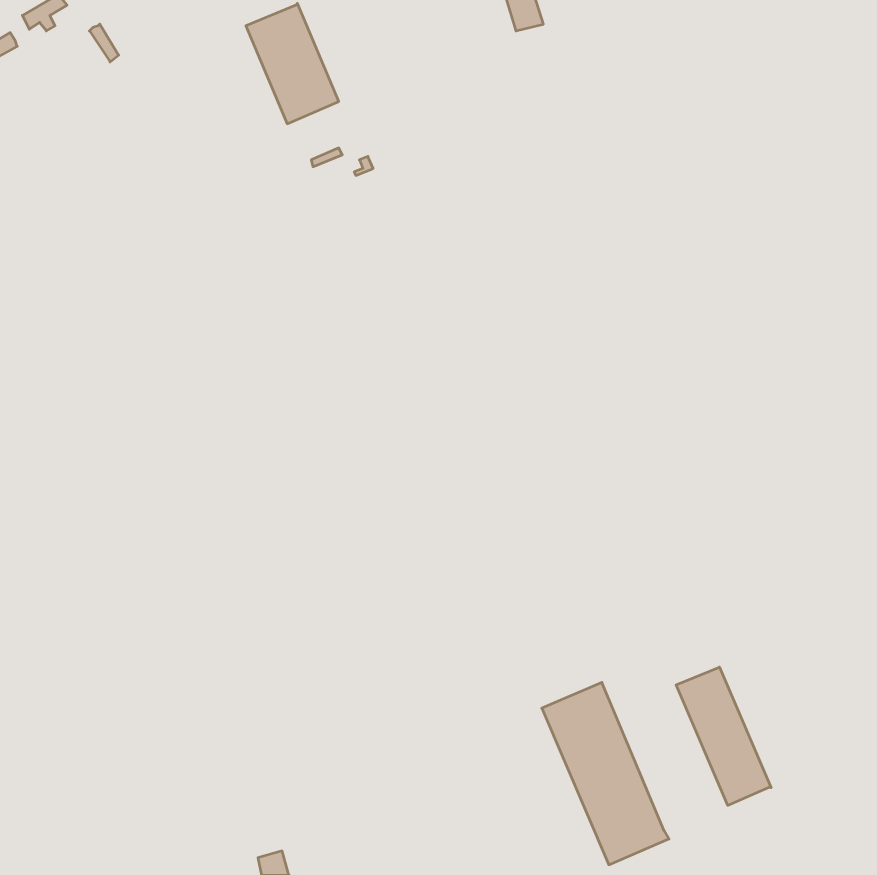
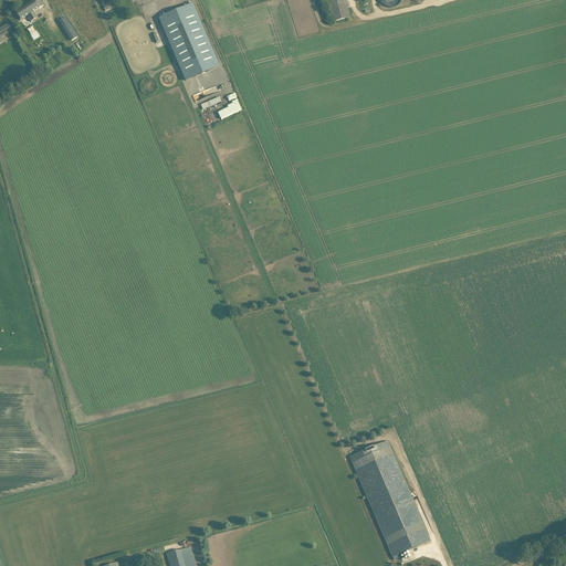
building: [676,667,771,805] -> none

